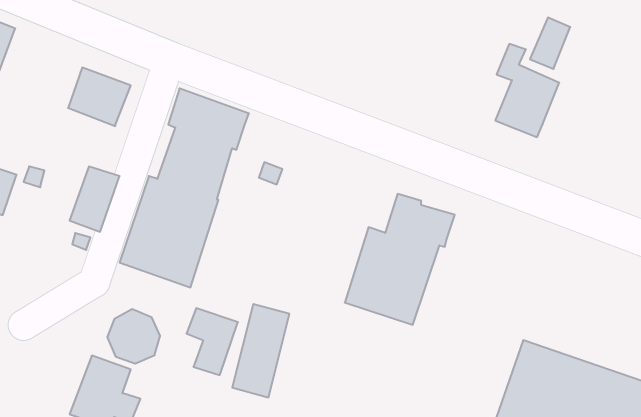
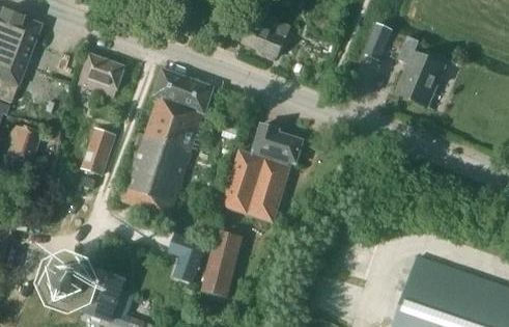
building: none -> [242,10,289,57]
building: [530,17,570,69] -> [363,23,393,61]
building: [345,194,455,325] -> [222,125,304,222]
building: [107,309,160,364] -> [49,264,88,304]

